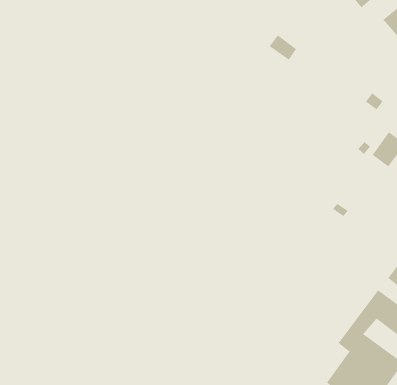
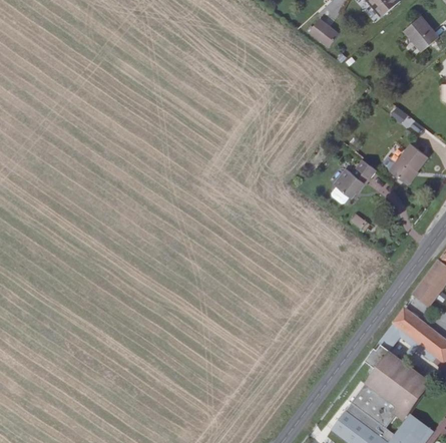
building: [269,34,297,61] -> [313,18,342,45]
building: none -> [332,163,376,205]

